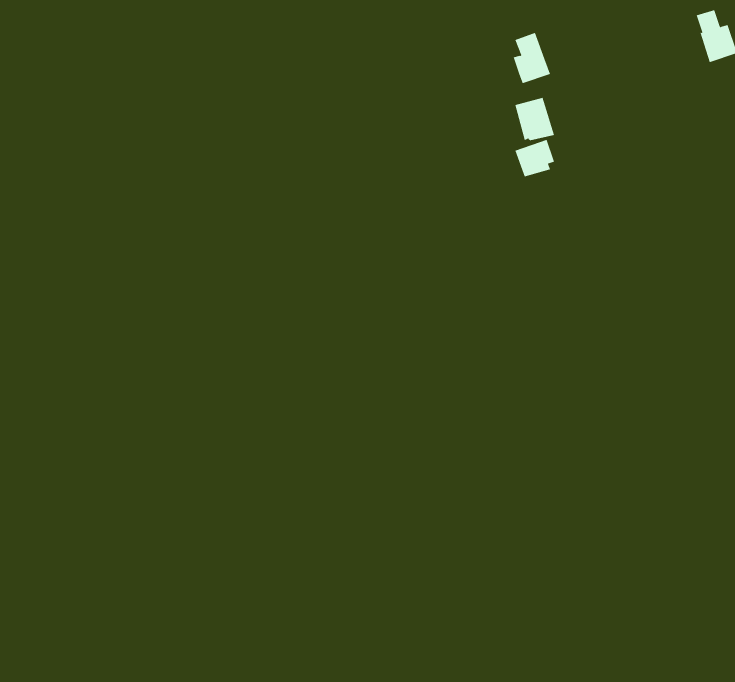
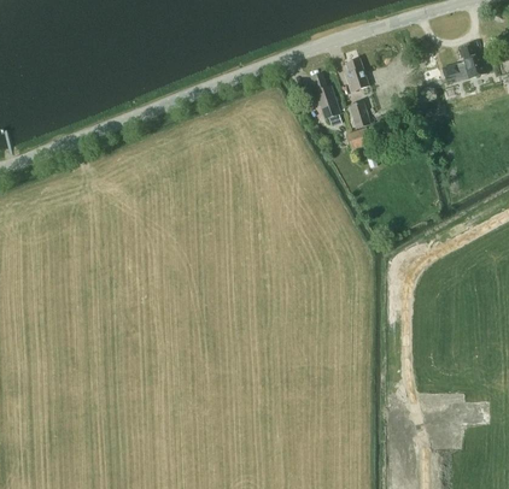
building: none -> [309,73,339,119]

